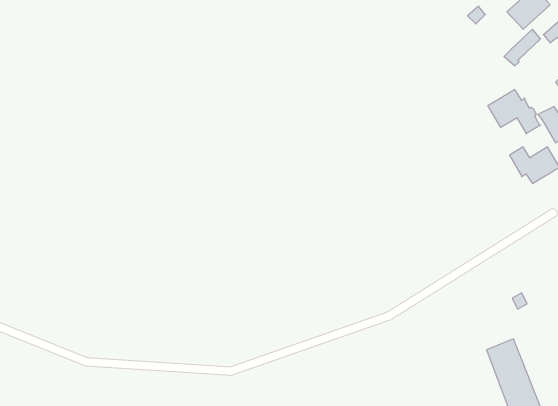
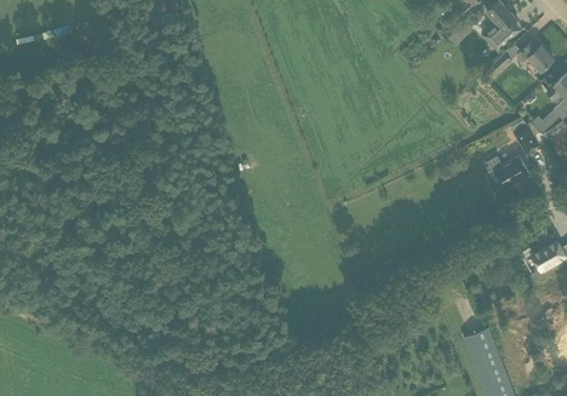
building: [488,89,541,134] -> none

